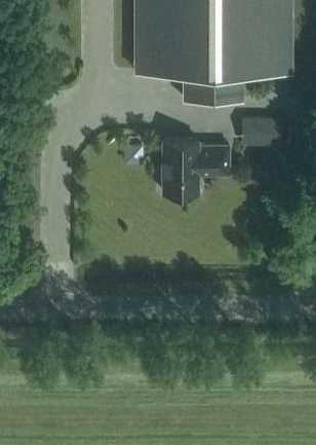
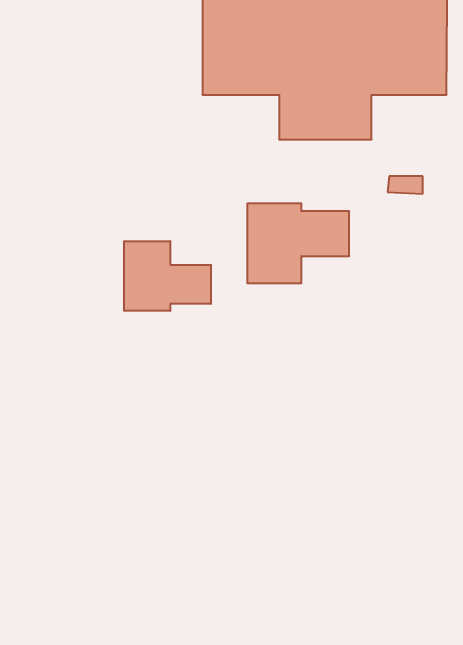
building: none -> [124,241,211,311]

